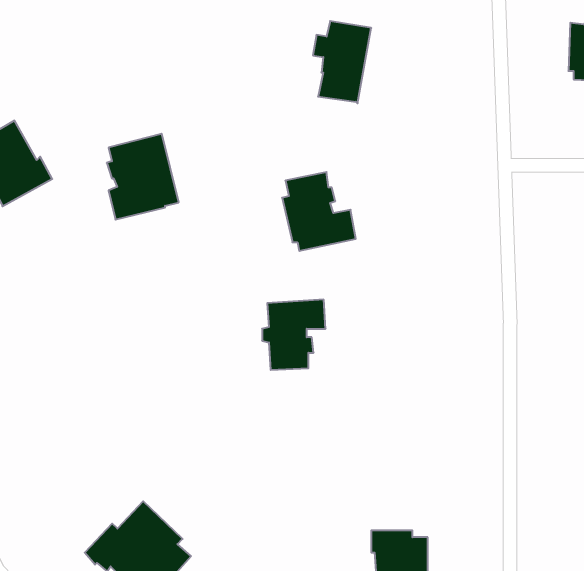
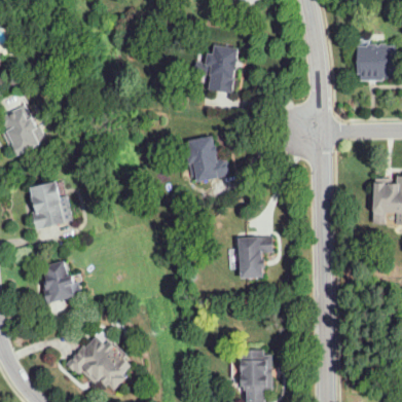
building: [107,134,179,220] -> [30,179,73,230]
building: [262,300,326,370] -> [235,235,273,278]
building: none -> [40,260,81,303]

